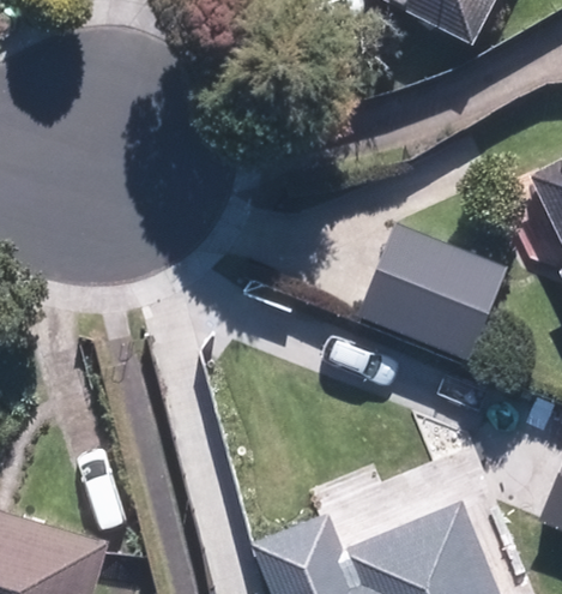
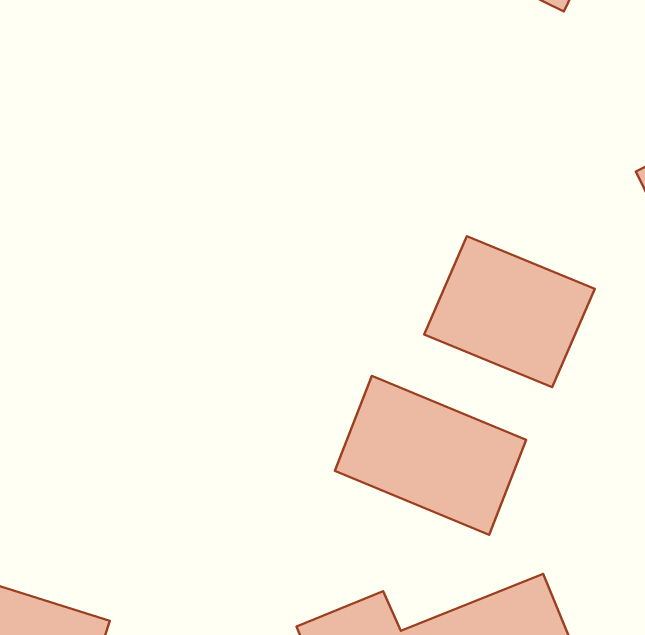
building: none -> [335,376,526,535]

